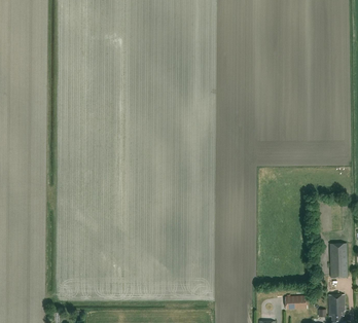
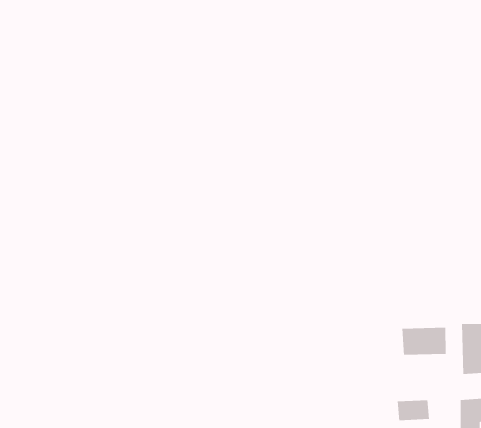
building: none -> [402,327,446,356]

